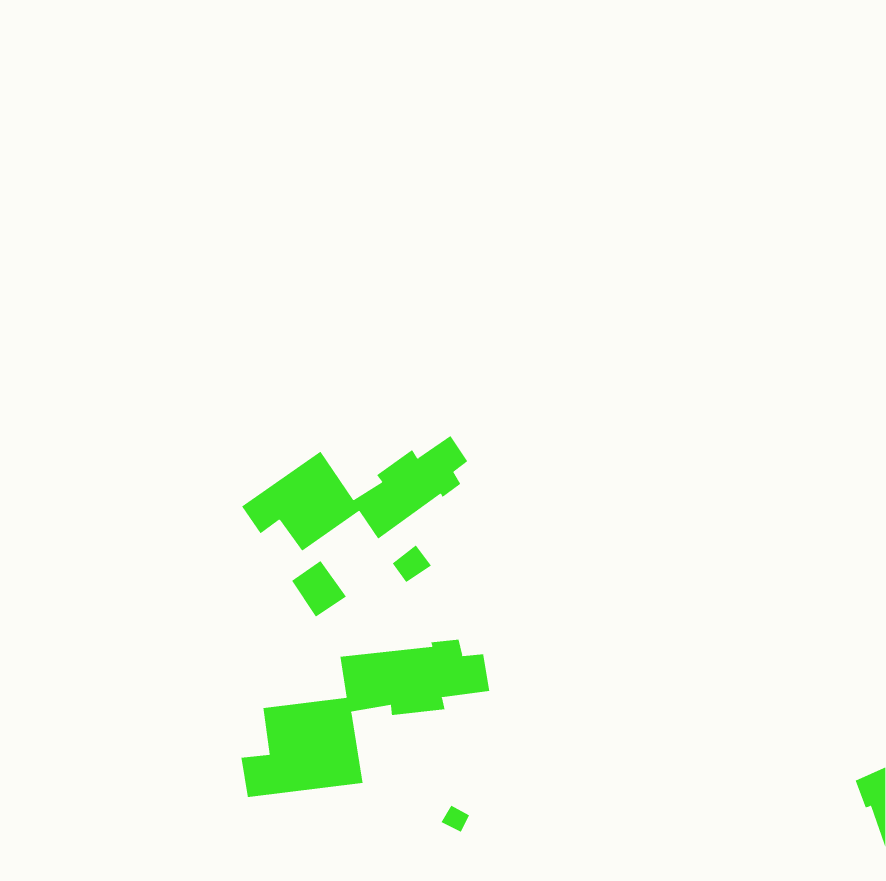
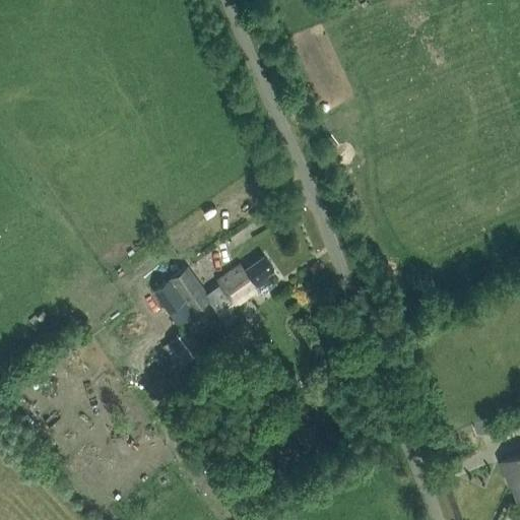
building: [241,639,490,798] -> none

